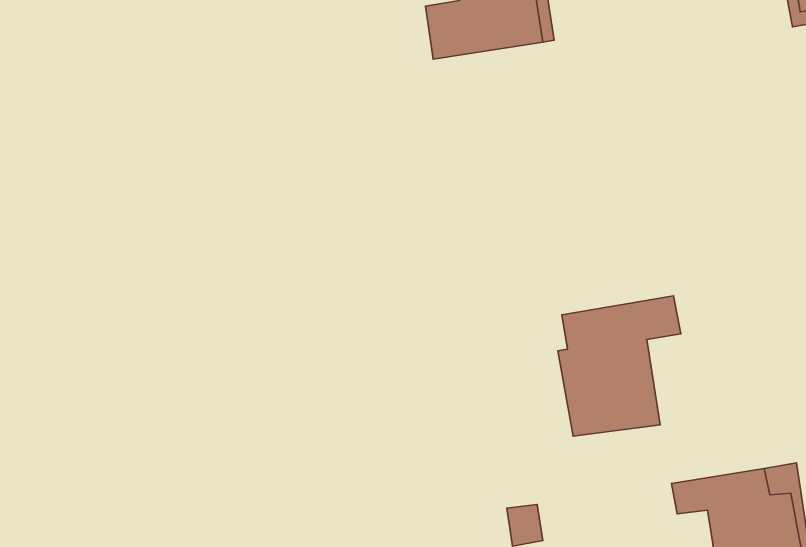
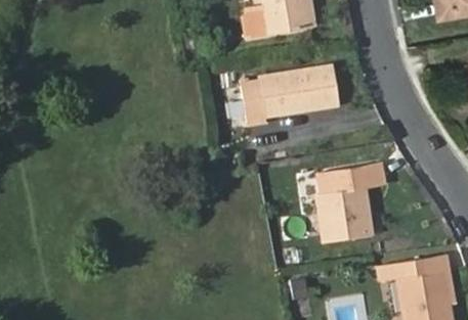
building: none -> [242,65,338,122]

